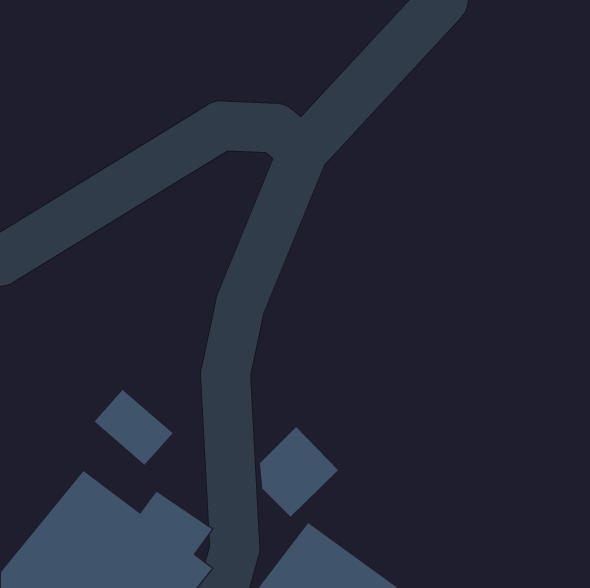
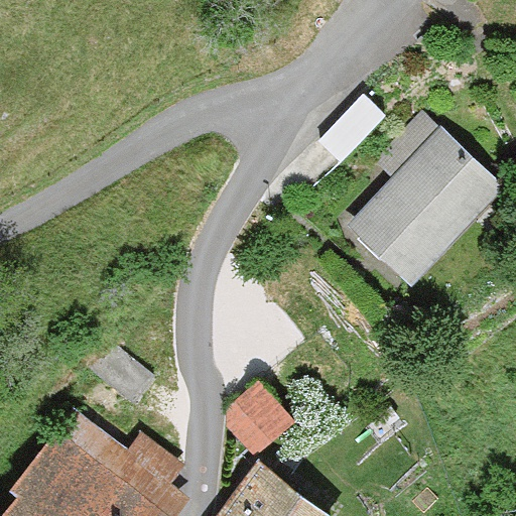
building: none -> [340,125,505,292]

